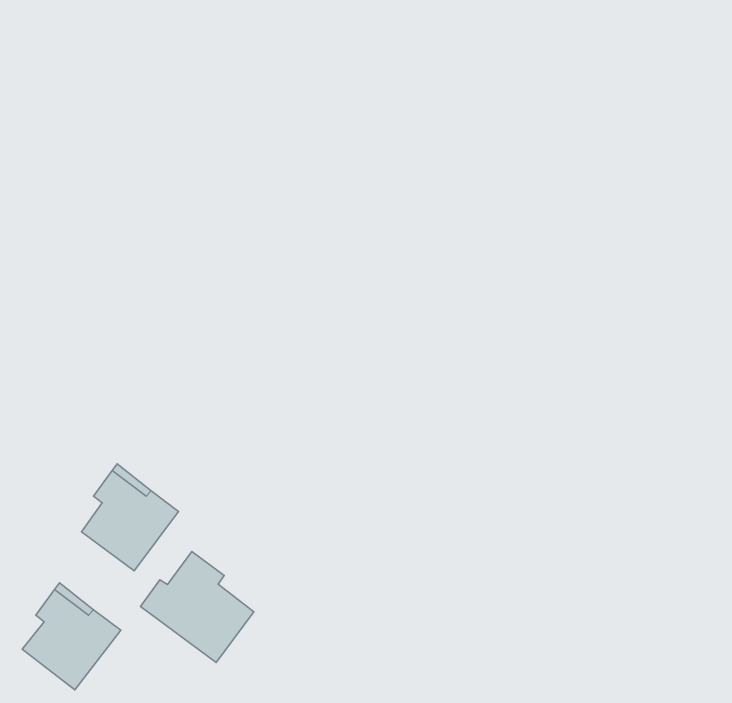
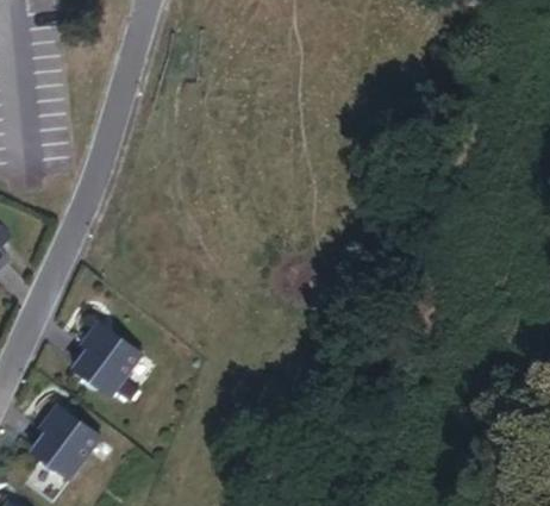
building: [140,551,254,663] -> none

